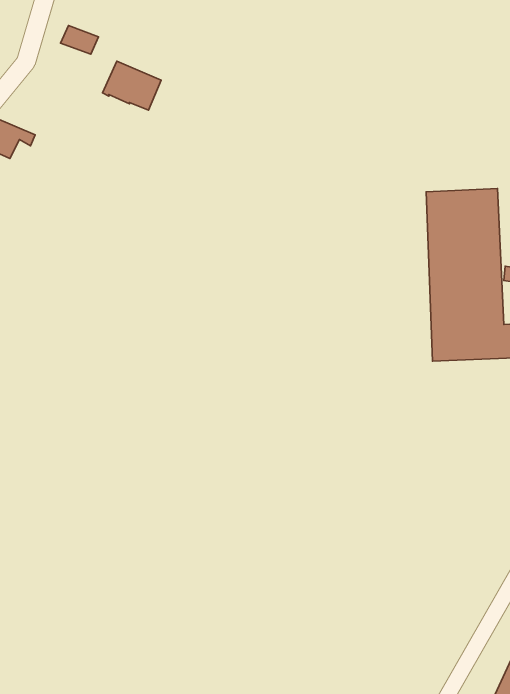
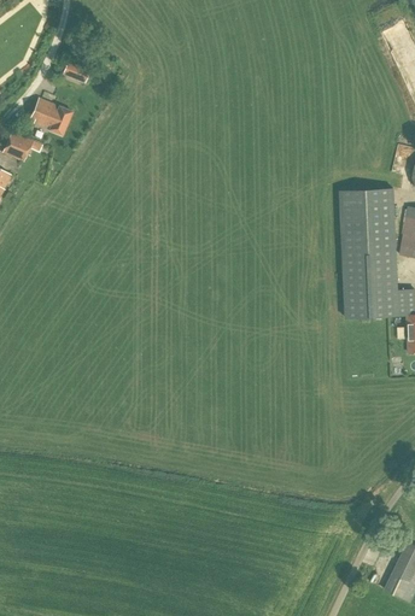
building: [103,61,161,110] -> [27,98,71,135]

